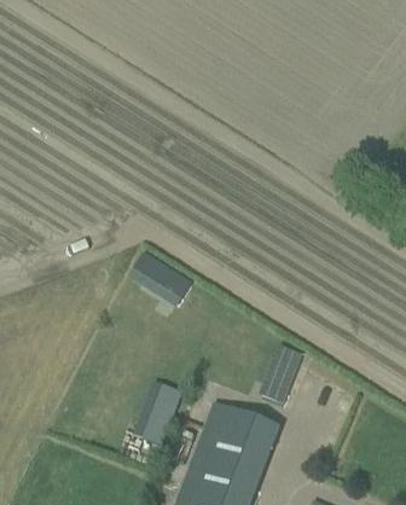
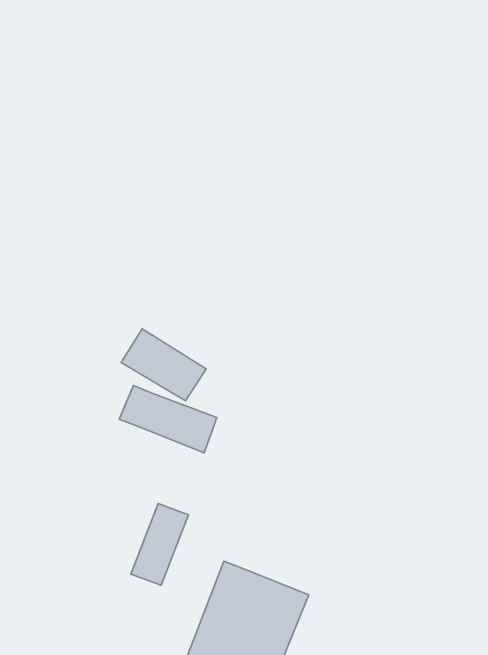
building: [262,348,301,405] -> none
building: [205,402,279,453] -> [119,386,217,453]

